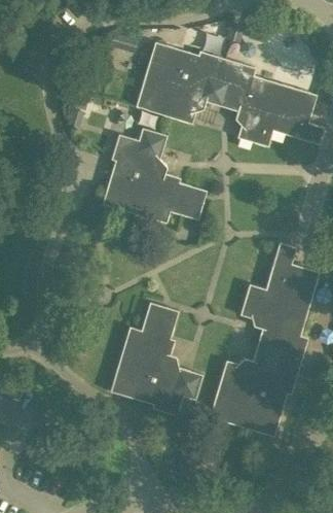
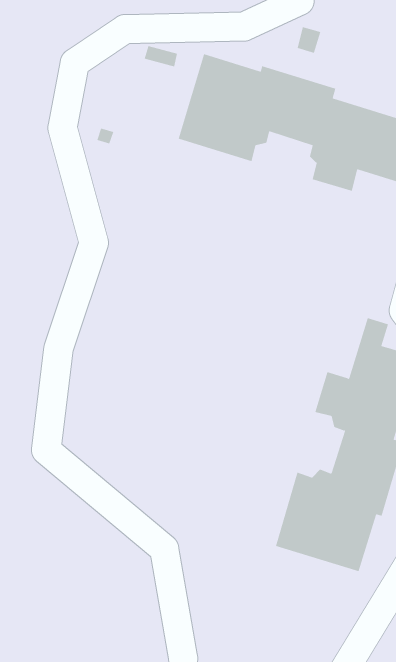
building: [103,127,208,223] -> none
building: [111,302,204,415] -> none

